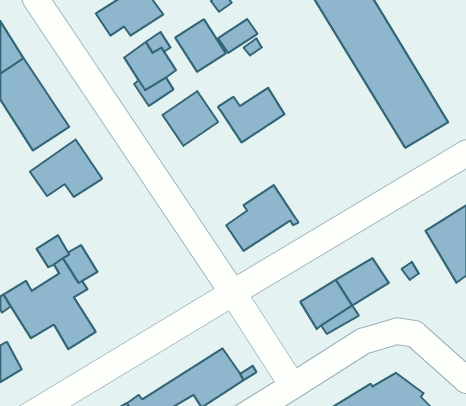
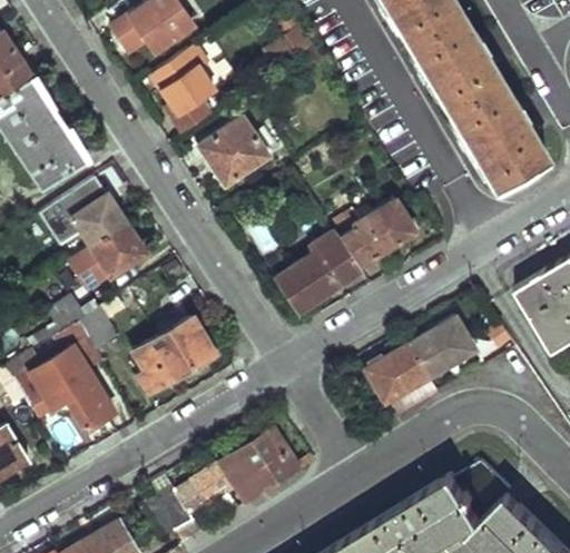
building: [175,19,226,72] -> none
building: [218,88,285,142] -> [331,204,412,270]
building: none -> [68,224,144,289]
building: none -> [127,310,216,394]

